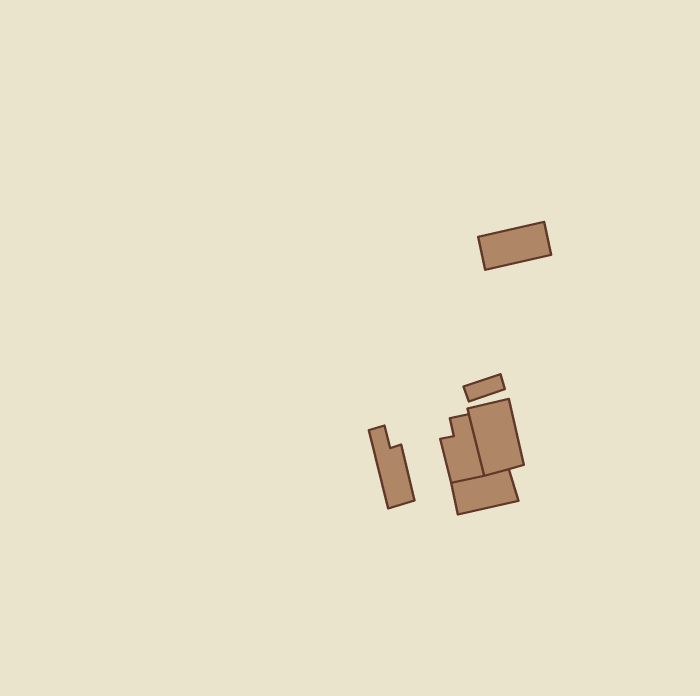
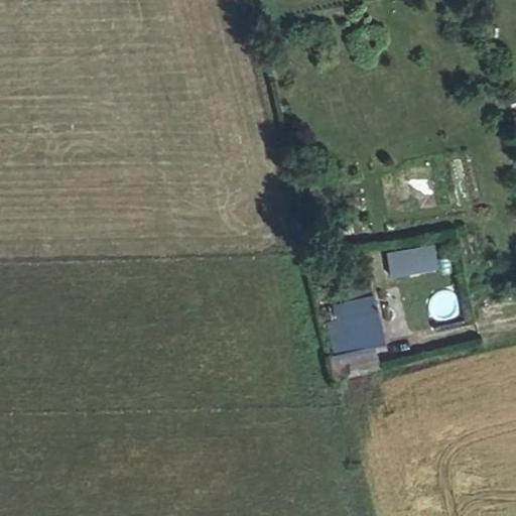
building: [478,222,551,270] -> [385,242,438,277]
building: [369,426,415,508] -> none

